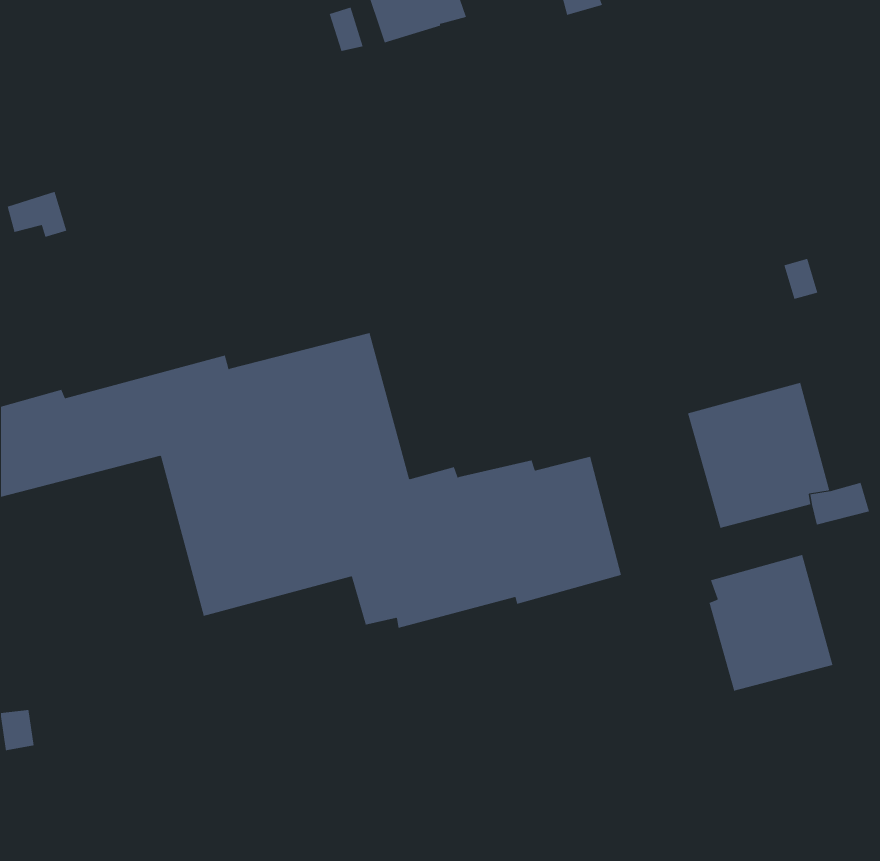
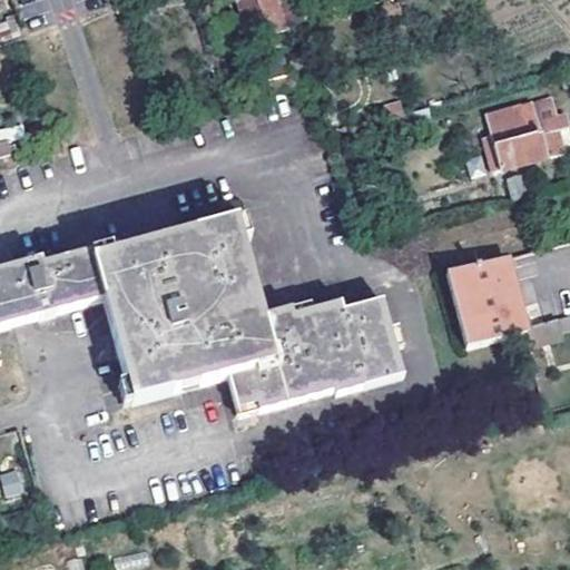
building: none -> [487,115,562,161]
building: [709,554,833,691] -> none

